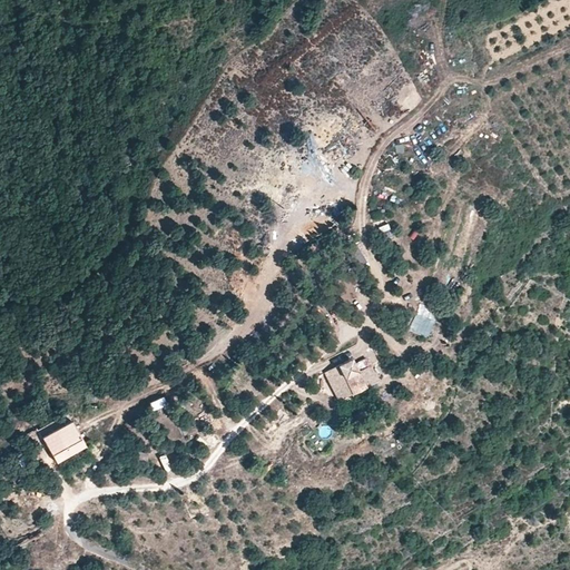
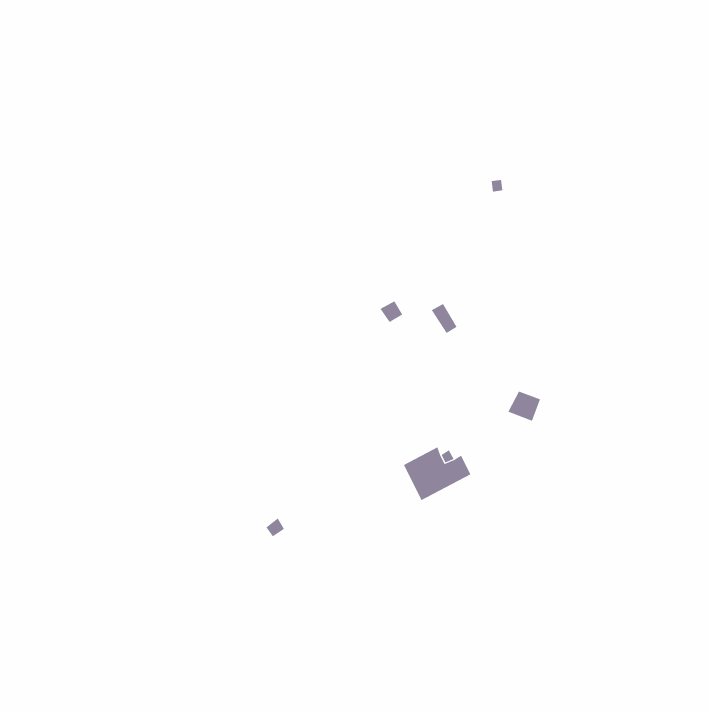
building: [42,422,87,465] -> none

